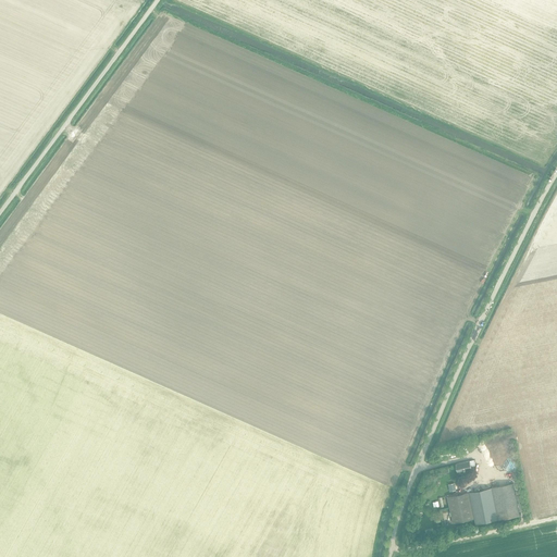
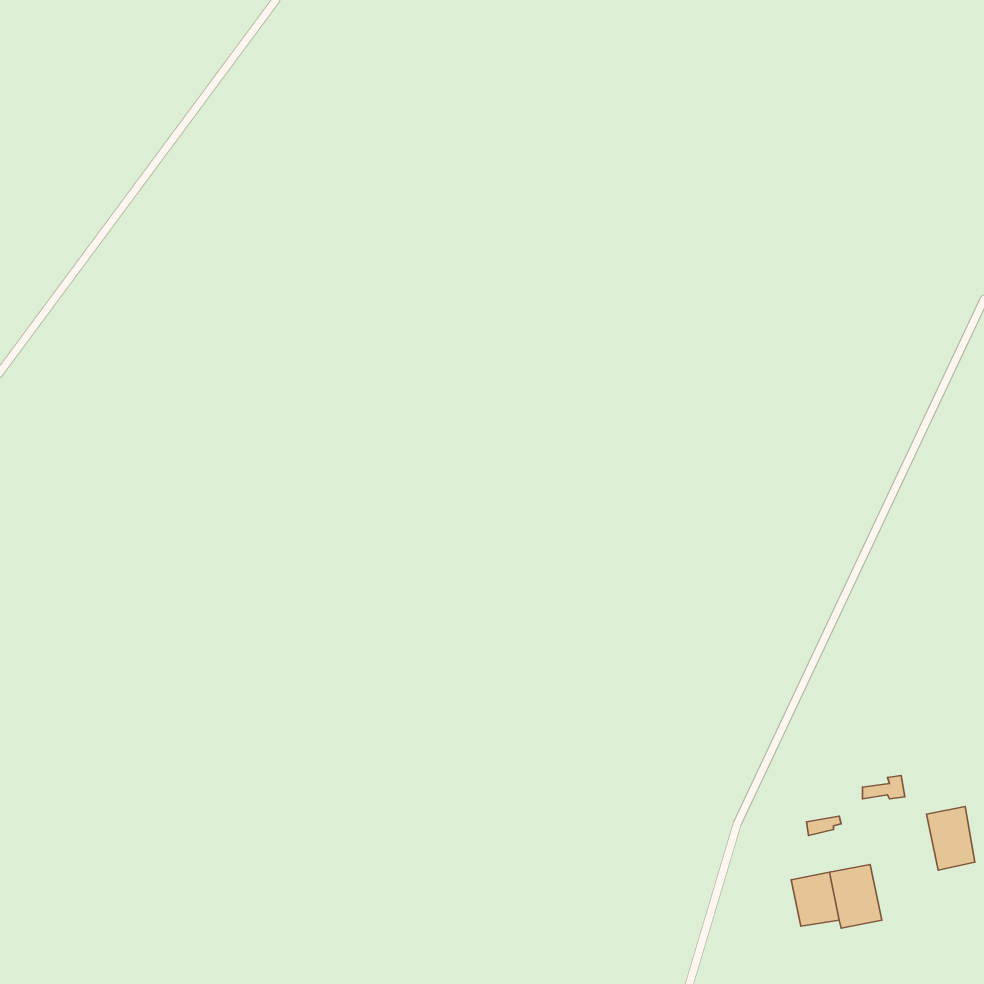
building: [491,484,518,520] -> [927,806,975,870]

